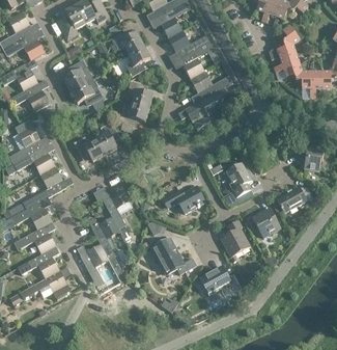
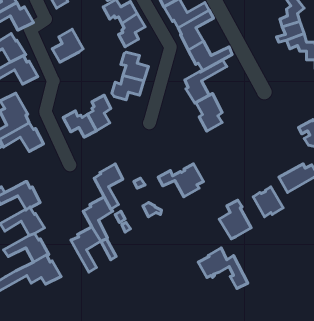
building: [69,77,102,103] -> none
building: [225,161,250,196] -> [196,94,222,131]
building: [22,166,63,208] -> none
building: [151,238,195,273] -> none

